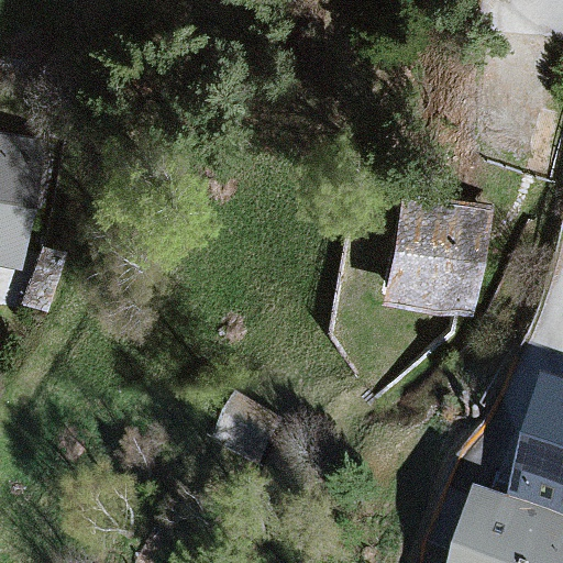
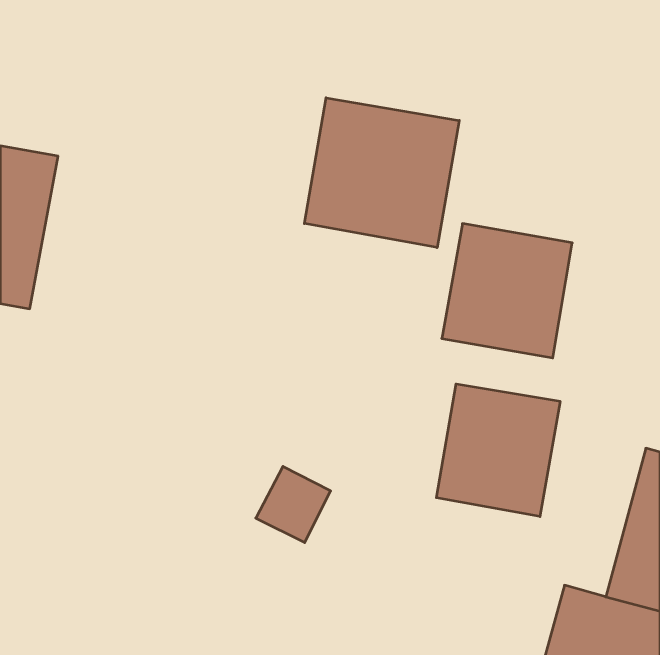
building: none -> [304,98,459,248]
building: none -> [436,384,560,517]

